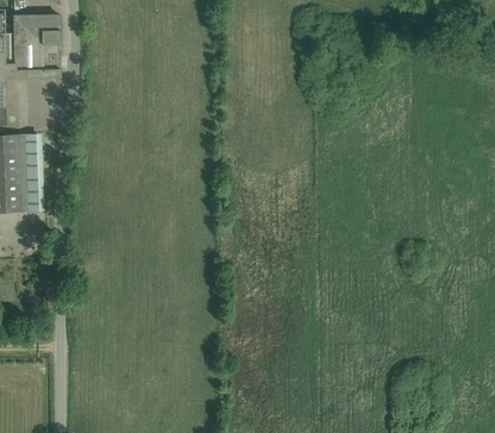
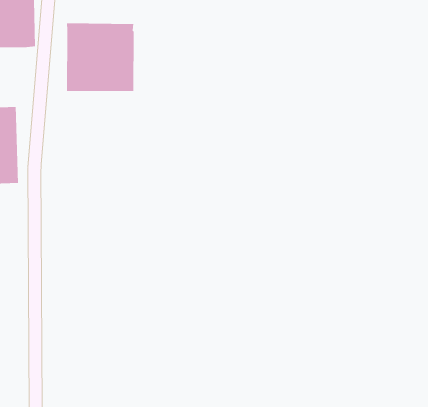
building: none -> [66,22,135,92]

